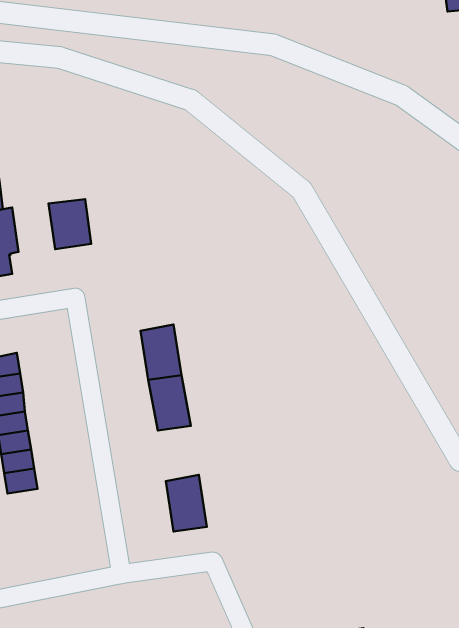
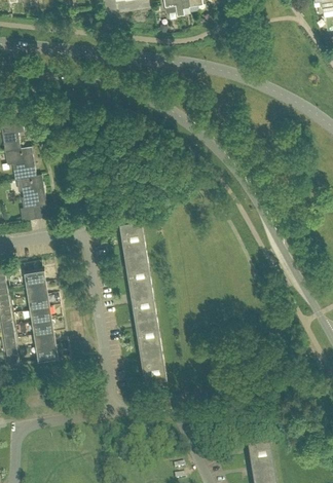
building: [48,199,91,249] -> none
building: none -> [118,215,145,252]
building: none -> [135,313,161,349]

